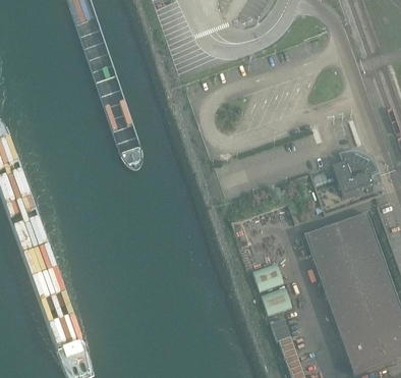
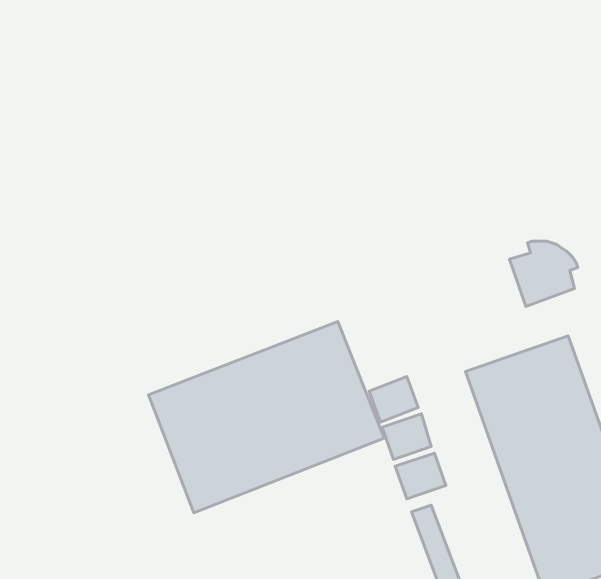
building: none -> [148,322,384,513]

